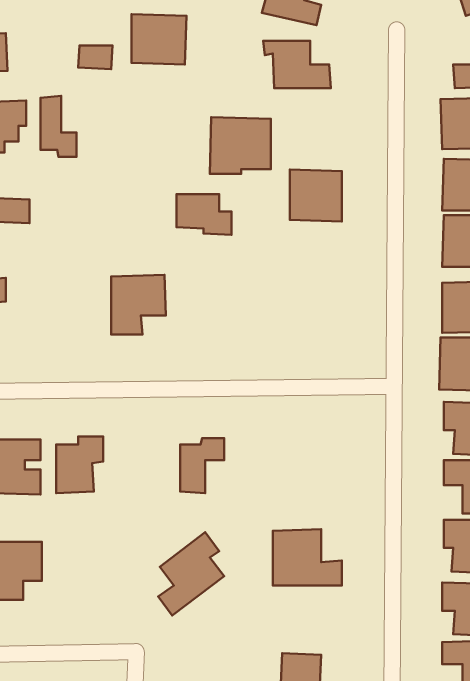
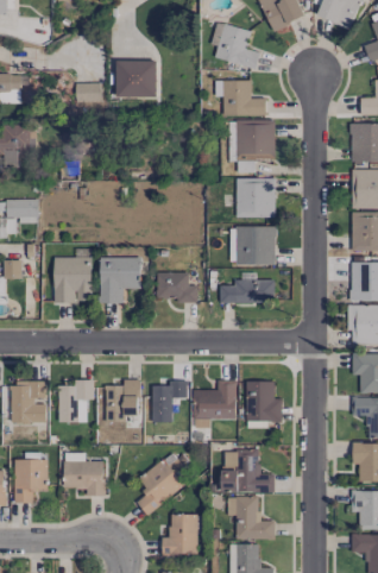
building: [41,96,77,157] -> none
building: [210,117,271,174] -> [228,119,275,162]
building: [177,194,232,235] -> [156,272,197,303]
building: none -> [235,226,276,265]
building: none -> [53,257,92,302]
building: none -> [219,278,275,303]
building: none -> [96,379,139,422]
building: none -> [194,380,235,427]
building: none -> [245,380,281,421]
building: none -> [63,460,105,496]
building: none -> [227,496,275,539]
building: none -> [160,514,199,555]

